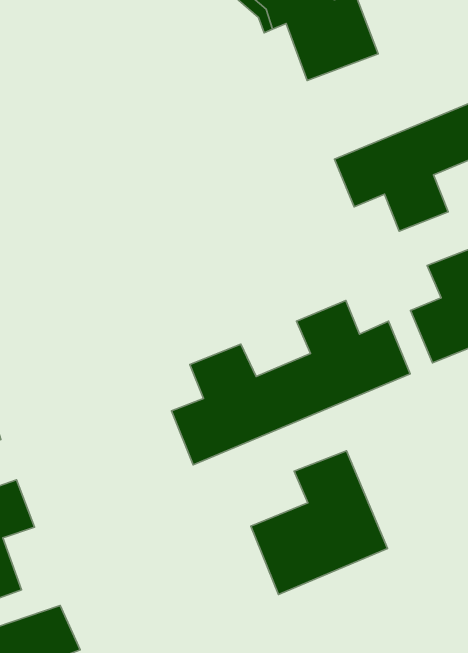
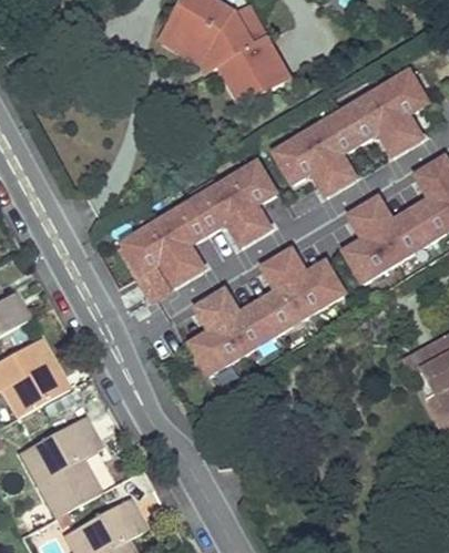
building: none -> [118,161,276,301]
building: [251,451,387,594] -> none

